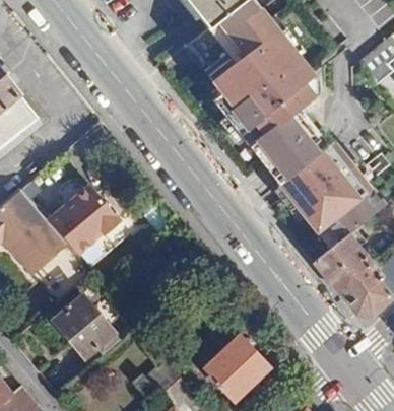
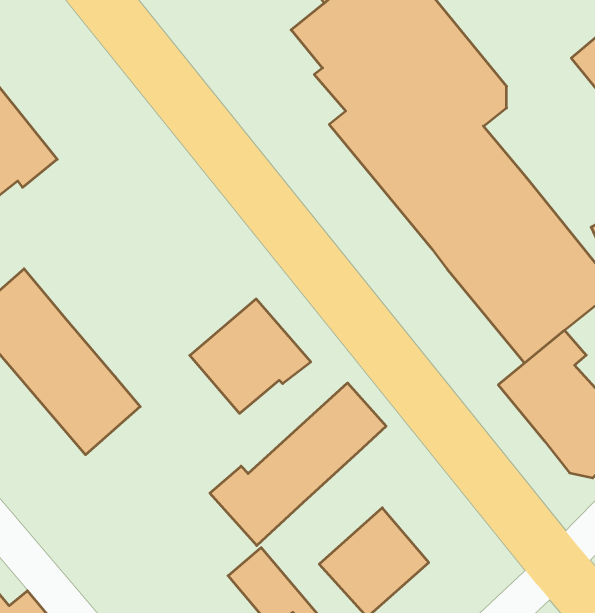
building: [47,185,121,255] -> [190,299,311,413]
building: none -> [210,383,386,546]
building: [54,296,115,357] -> none

